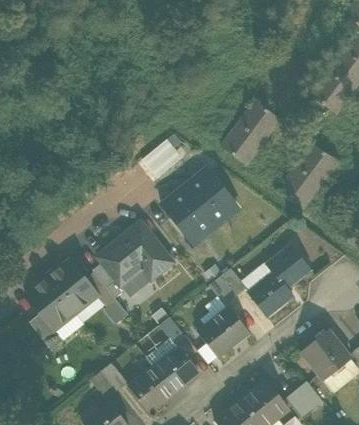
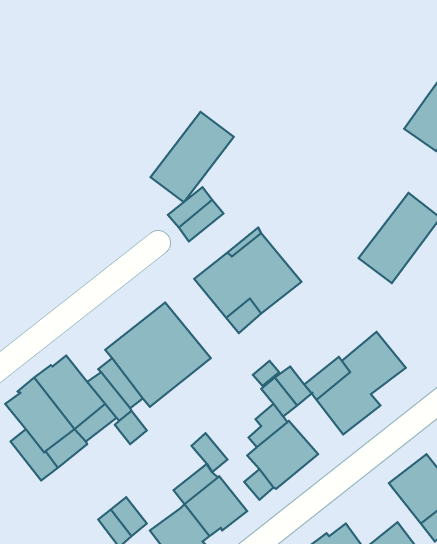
building: [221,99,281,164] -> [150,112,234,202]

